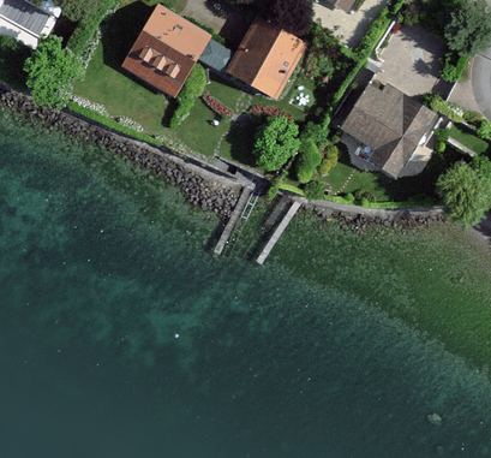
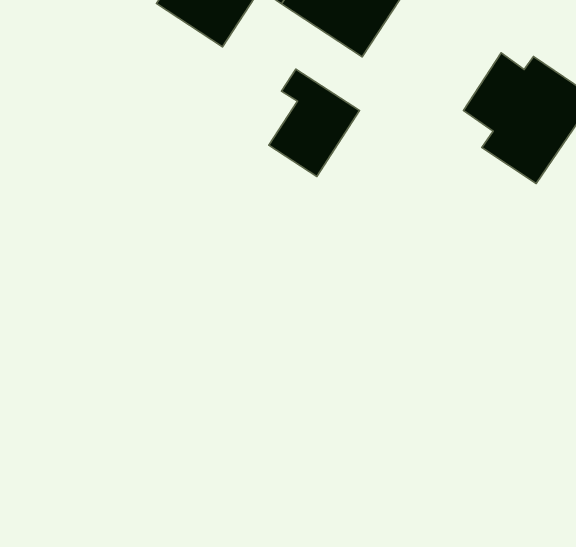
building: none -> [269,69,360,177]

